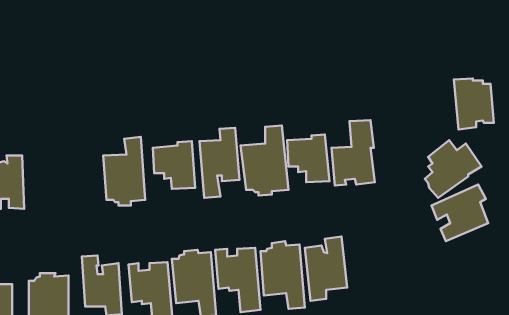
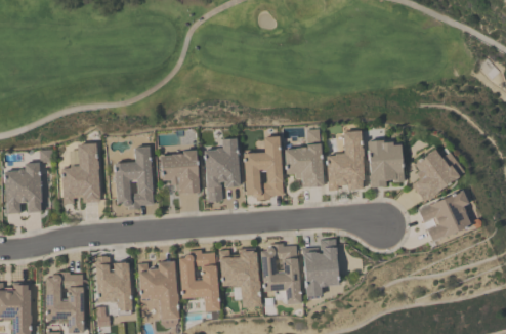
building: [454,78,494,129] -> [367,140,404,187]
building: none -> [60,142,100,204]

